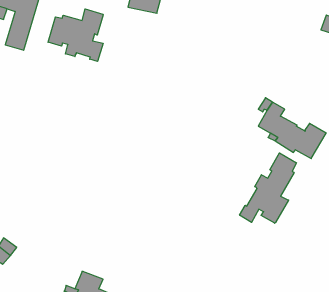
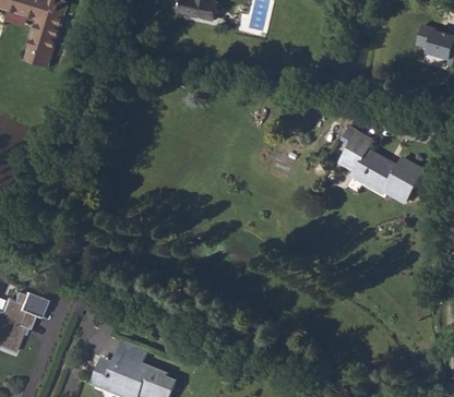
building: [48,9,103,61] -> none
building: [240,153,296,223] -> none

